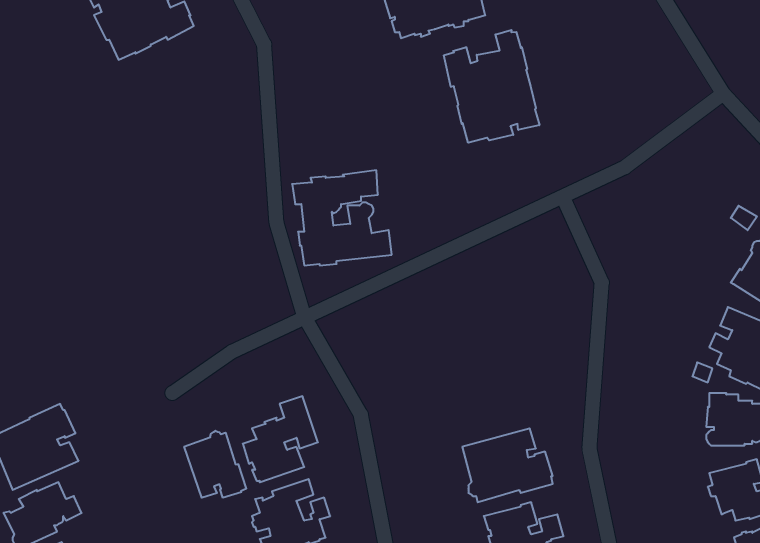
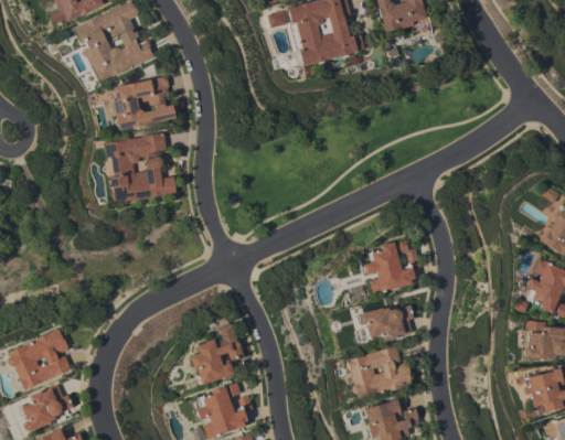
building: [444,30,539,143] -> none
building: none -> [113,75,177,130]
building: [292,170,392,265] -> [105,132,177,201]
building: none -> [364,238,420,293]
building: none -> [359,304,415,341]
building: [184,431,246,498] -> none

